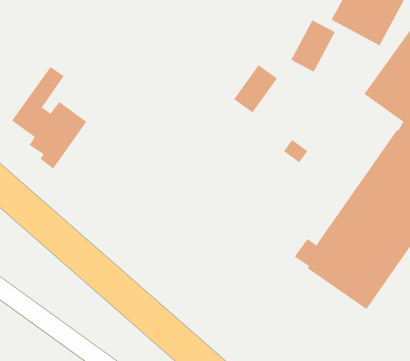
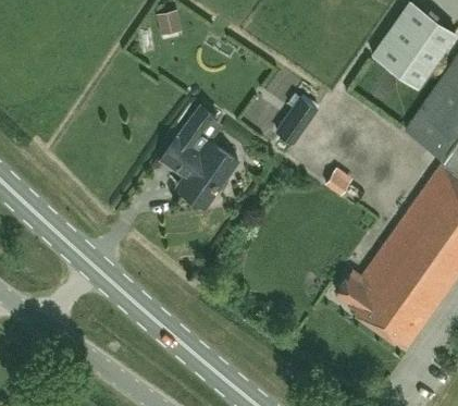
building: [291,19,336,72] -> none
building: [11,66,87,169] -> [160,107,236,210]

